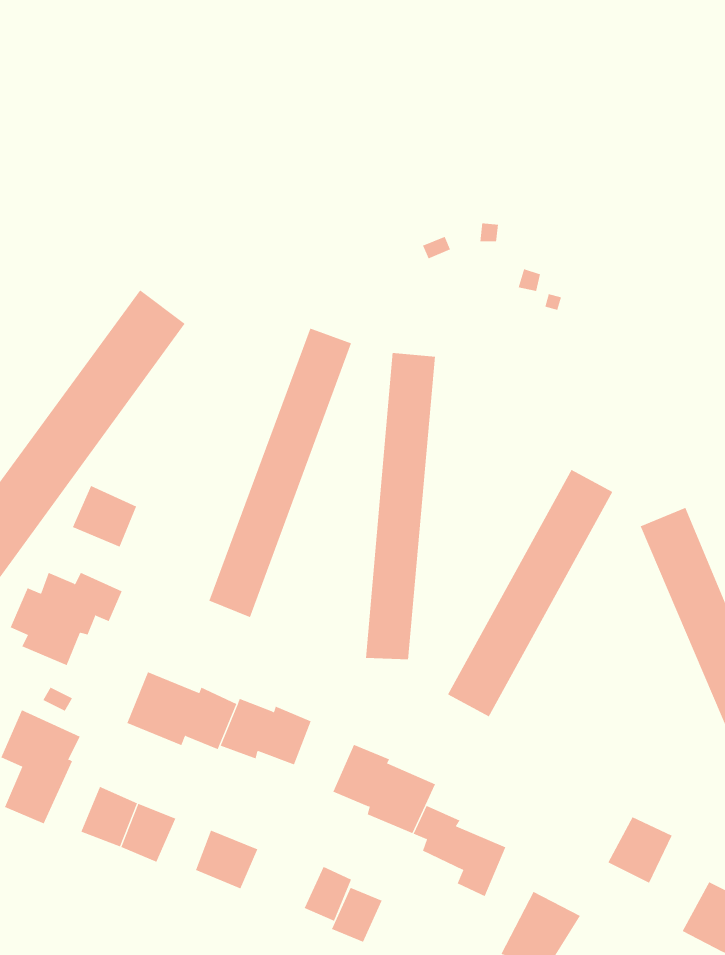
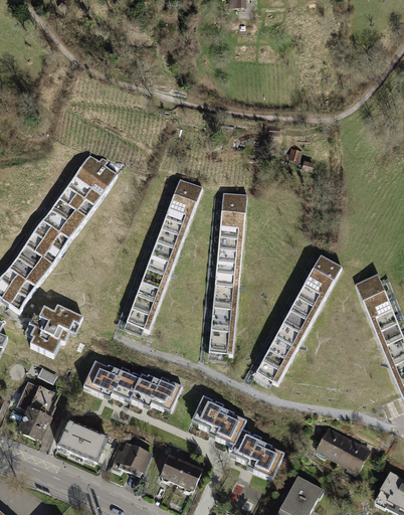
building: [72,485,137,547] -> none
building: none -> [316,425,350,461]
building: [331,887,383,943] -> [160,456,187,485]

